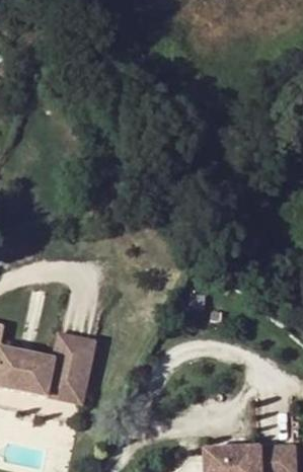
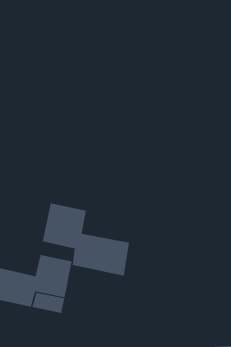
building: none -> [42,202,129,276]

